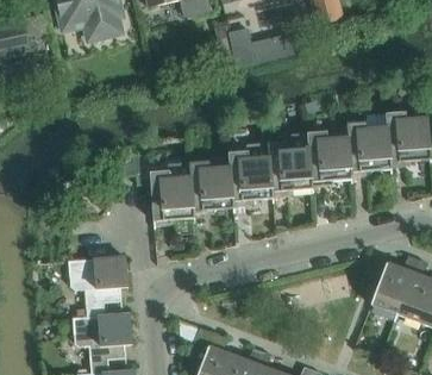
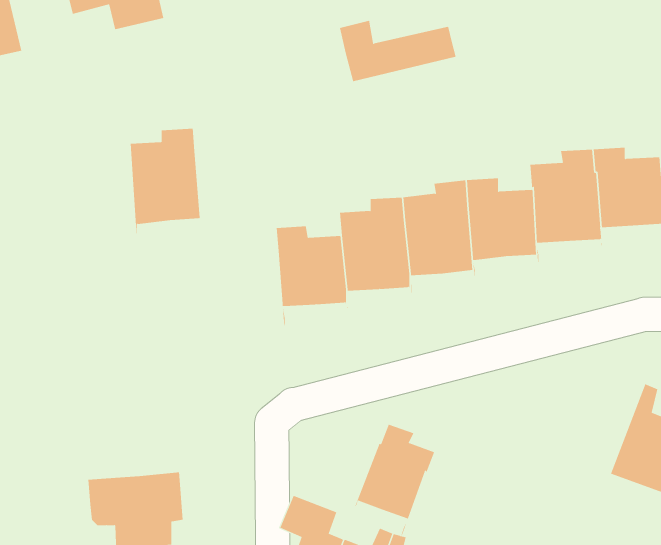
building: [150,161,194,227] -> [130,128,201,236]
building: [68,255,127,315] -> none
building: [370,255,418,313] -> none
building: none -> [355,424,435,536]

